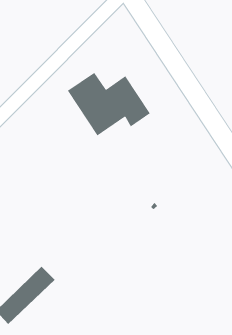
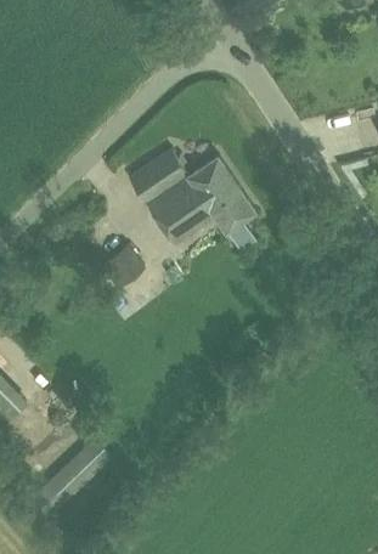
building: none -> [98,243,143,288]

